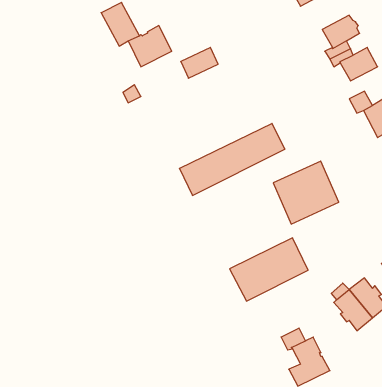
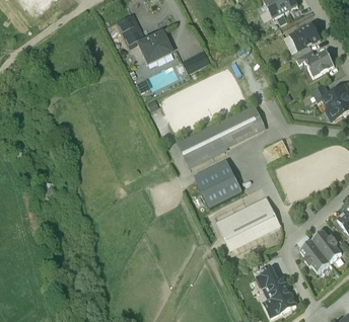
building: [273,161,339,224] -> [189,157,240,207]

